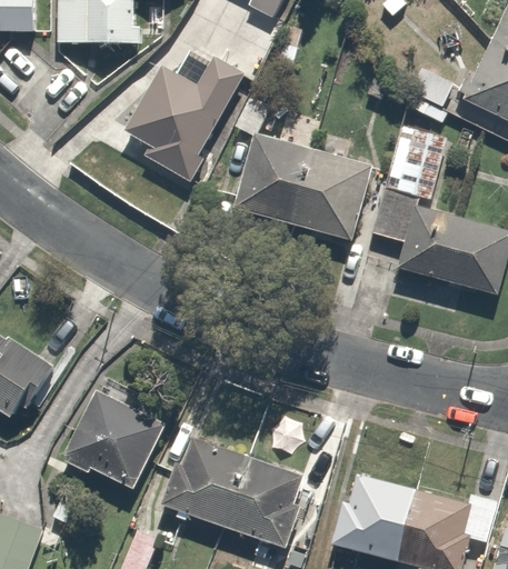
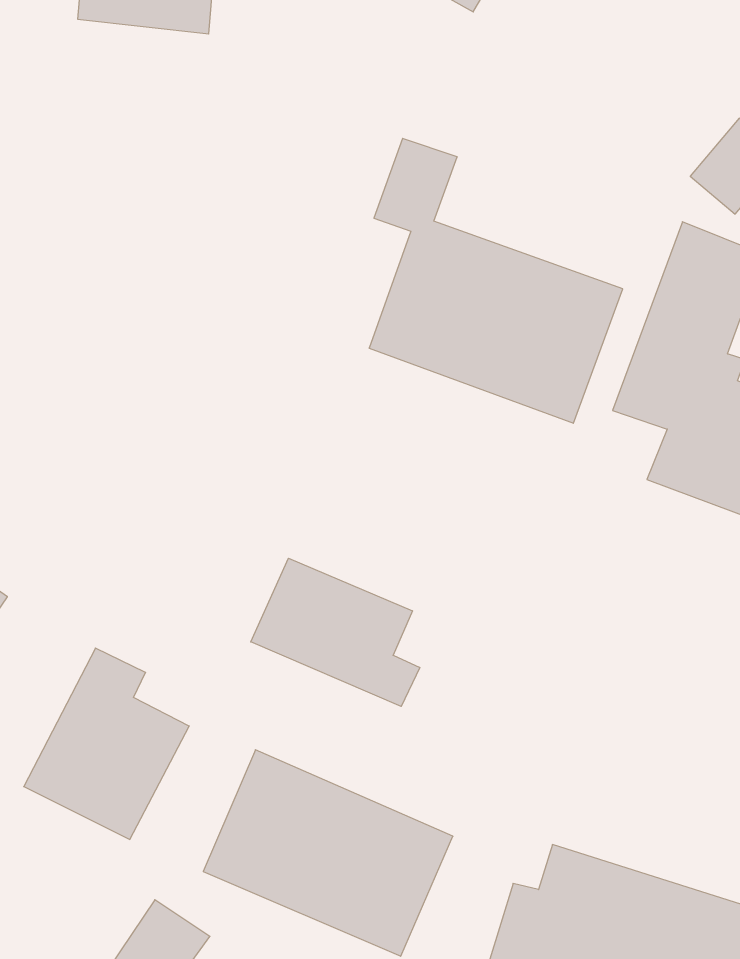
building: [122,58,246,188] -> none
building: none -> [251,558,420,706]

